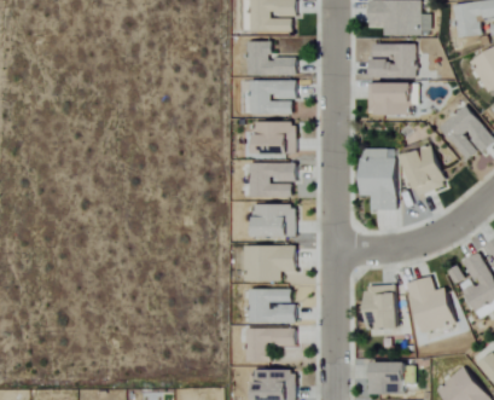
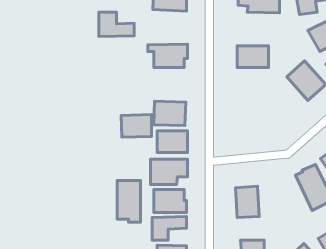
building: [244,41,295,76] -> [99,12,134,37]
building: [367,42,414,77] -> none
building: [251,121,295,153] -> [121,115,151,137]
building: [401,144,447,196] -> none
building: [360,147,396,210] -> none
building: none -> [117,180,140,222]
building: [406,277,454,332] -> none

